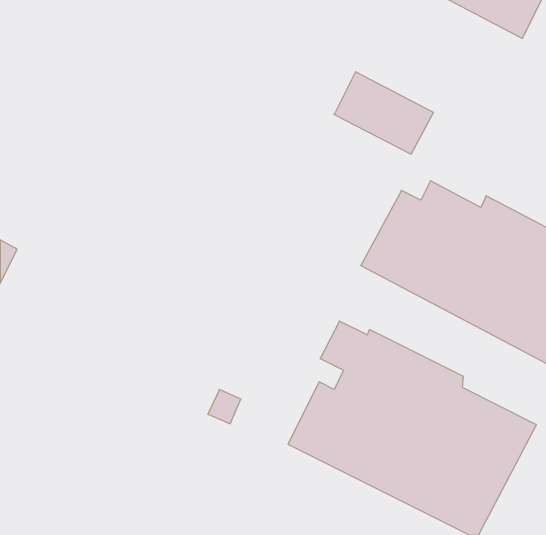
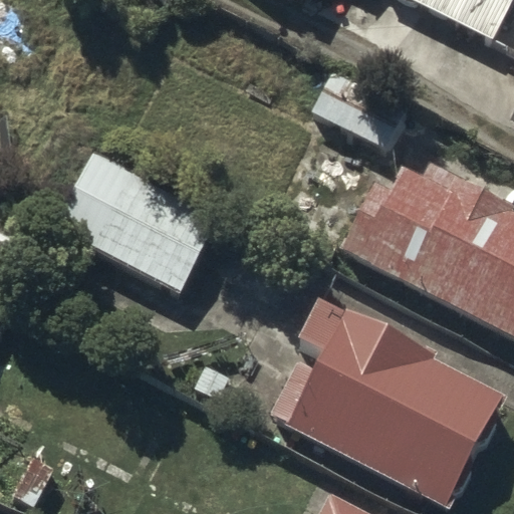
building: none -> [56,150,218,289]

